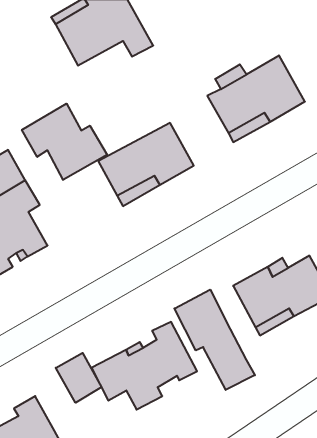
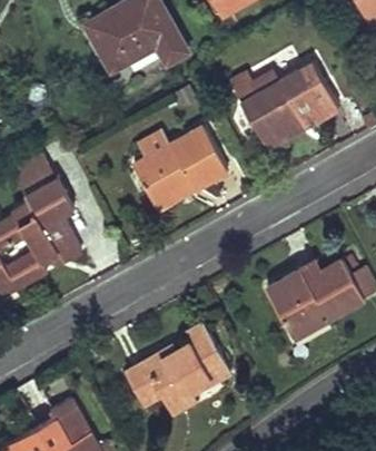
building: [22,104,107,180] -> none
building: [174,290,255,390] -> none
building: [56,353,101,403] -> none

